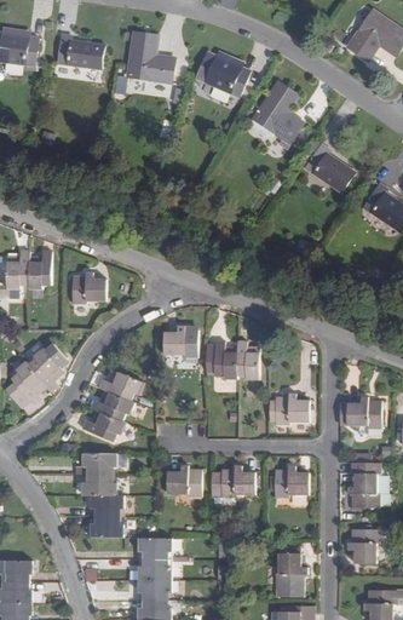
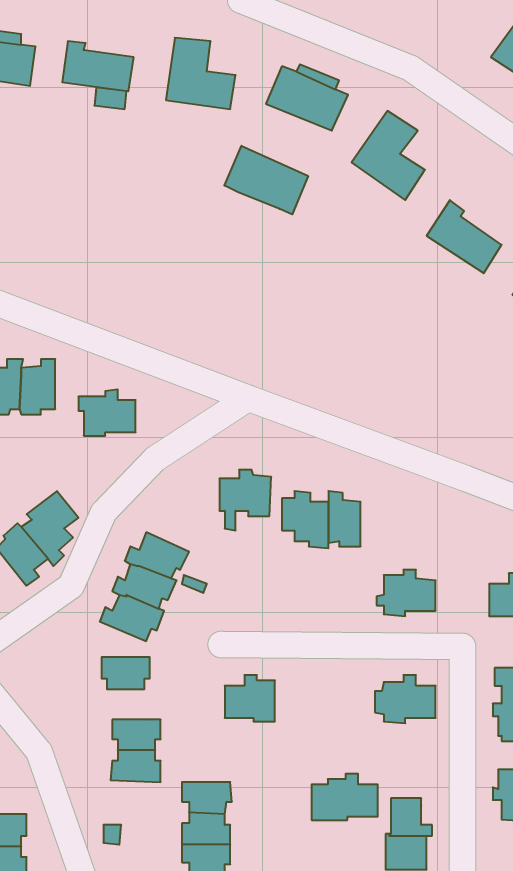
building: none -> [224,146,308,214]
building: [209,465,254,496] -> [312,774,378,820]
building: [81,475,115,495] -> none

